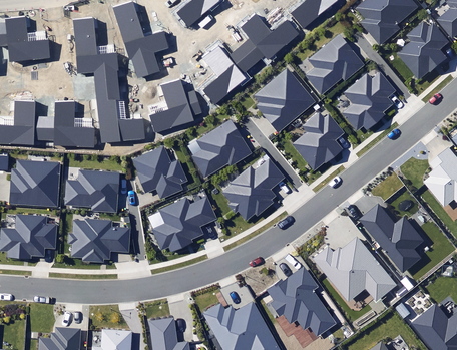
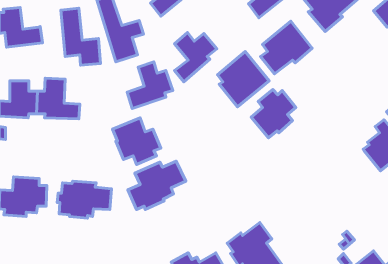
building: [239,14,301,64] -> none
building: [397,19,448,77] -> none
building: [343,71,396,132] -> none
building: [95,81,145,143] -> none
building: [190,119,251,177] -> none
building: [221,156,286,218] -> none
building: [10,159,60,206] -> none
building: [64,169,118,211] -> none
building: [359,202,424,273] -> none
building: [313,234,398,301] -> none

